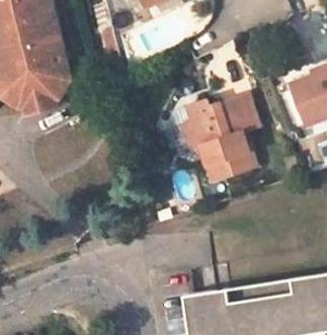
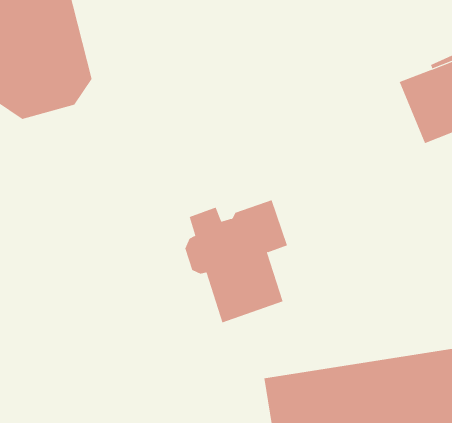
building: [181,98,254,185] -> [184,200,288,323]

